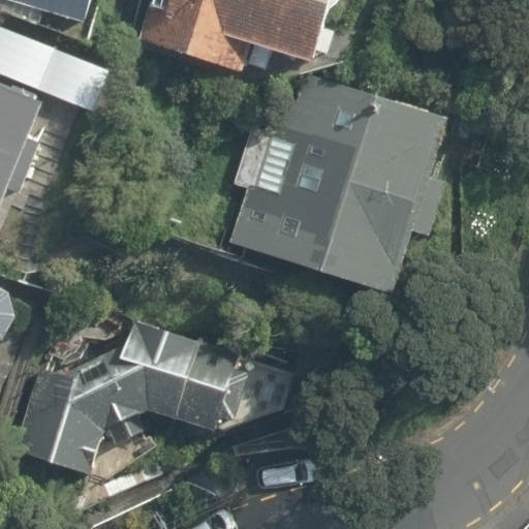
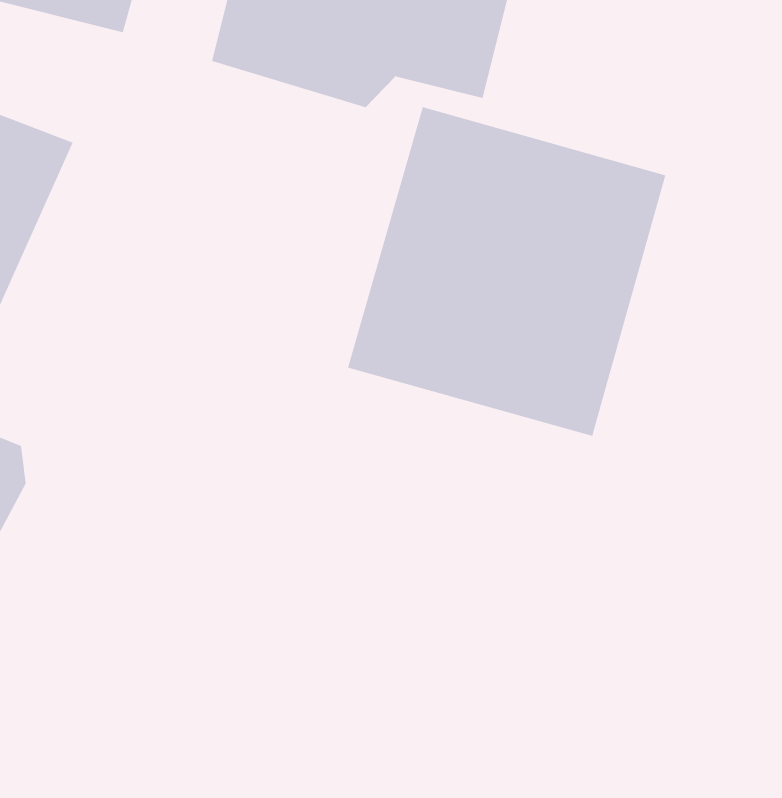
building: [22,329,249,478] -> none

